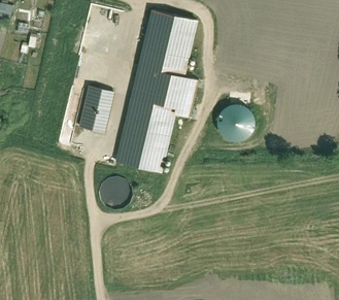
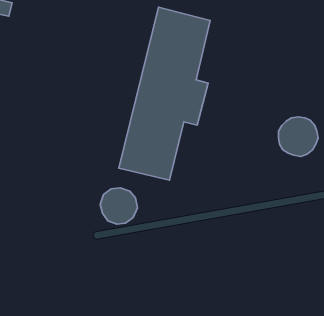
building: [75,84,114,133] -> none
building: [218,104,256,141] -> [278,117,318,156]

